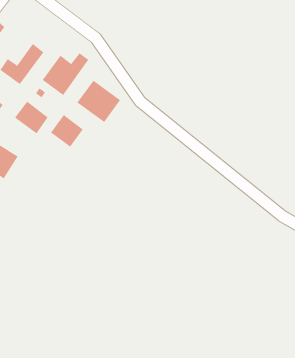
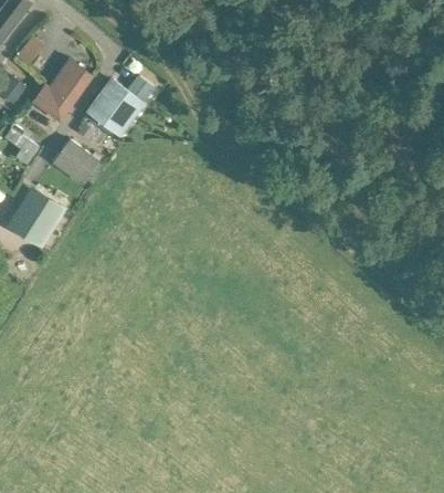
building: [77,80,121,123] -> none
building: [50,114,84,147] -> none

